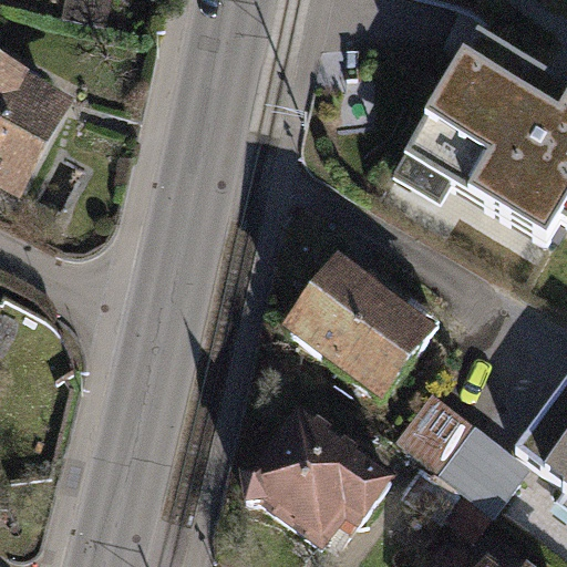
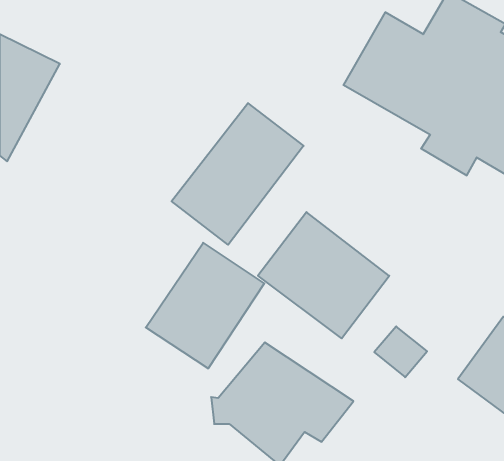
building: none -> [172,103,304,245]
building: none -> [146,243,264,369]

